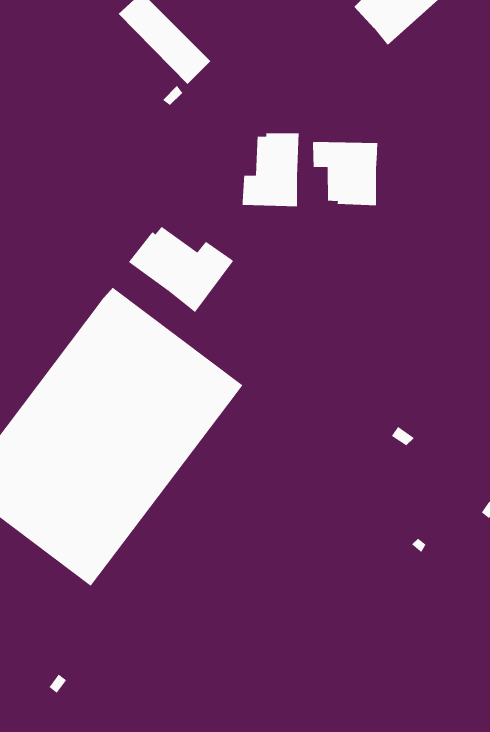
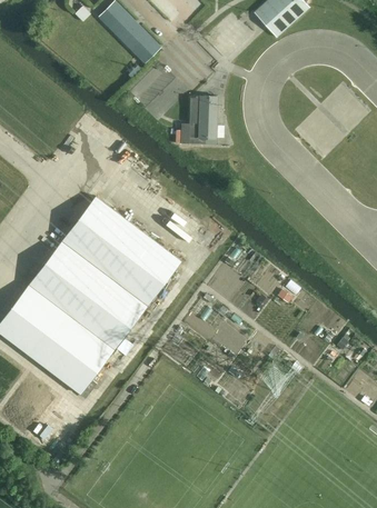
building: [312,141,378,206] -> none
building: [128,226,234,313] -> none

